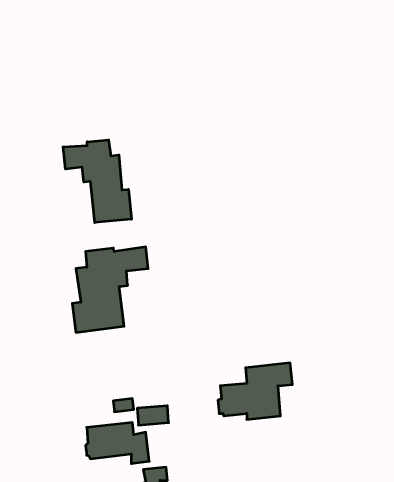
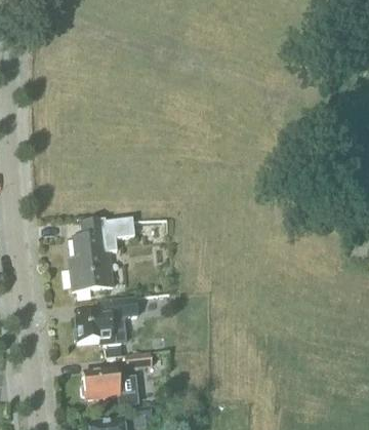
building: [63,140,131,223] -> none
building: [218,363,292,419] -> [72,297,135,345]

